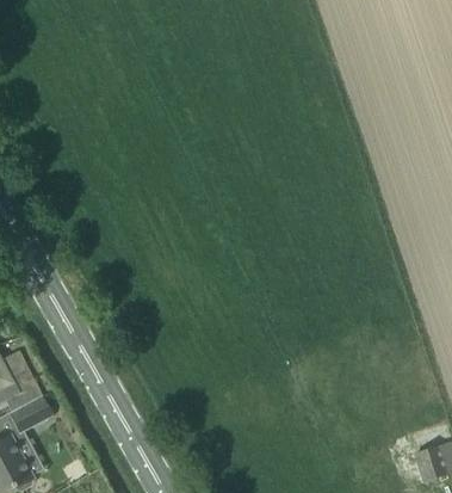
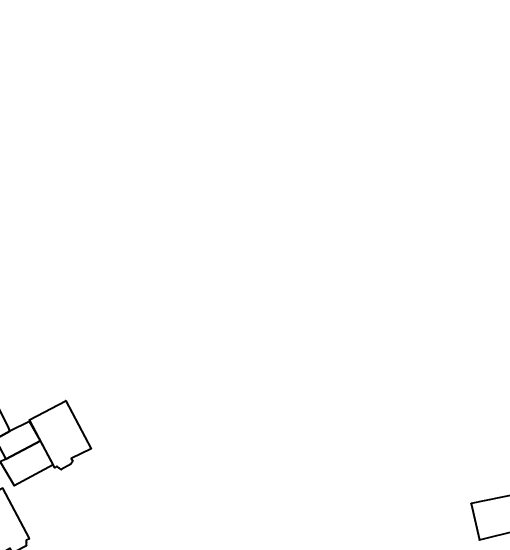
building: none -> [29,401,91,470]

